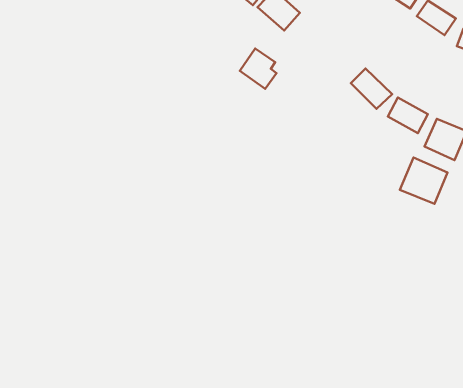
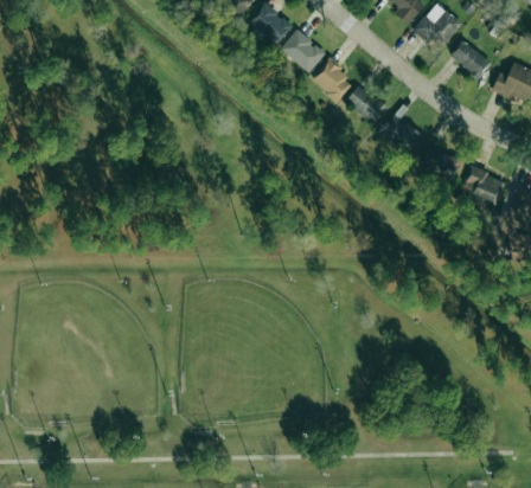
building: none -> [346,88,389,122]
building: [240,49,276,89] -> [312,59,351,102]
building: [400,157,447,204] -> none

